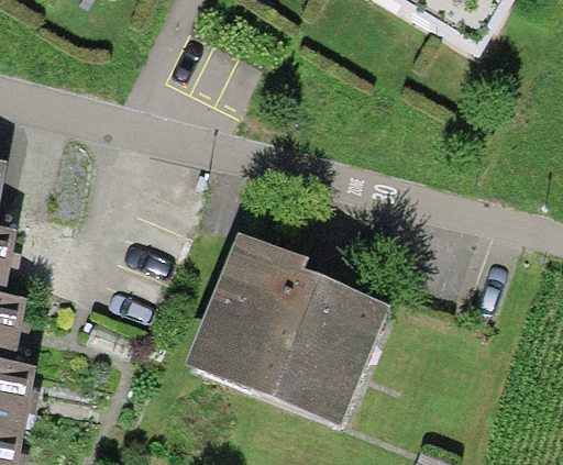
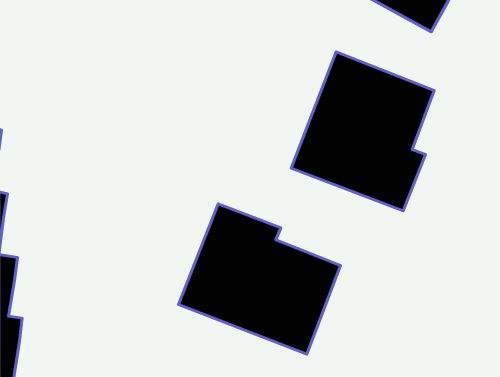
building: none -> [291,52,434,211]

